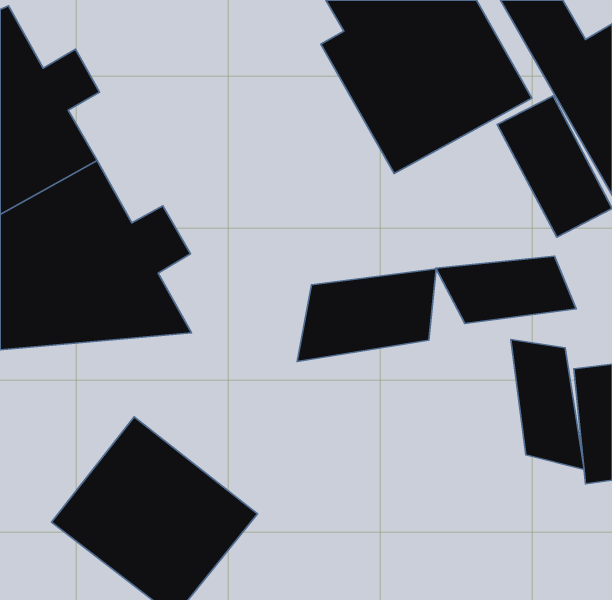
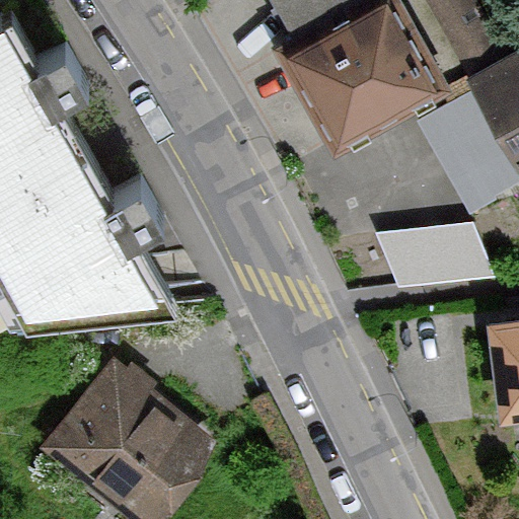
building: [297,269,436,361] -> none
building: [511,340,584,470] -> none

